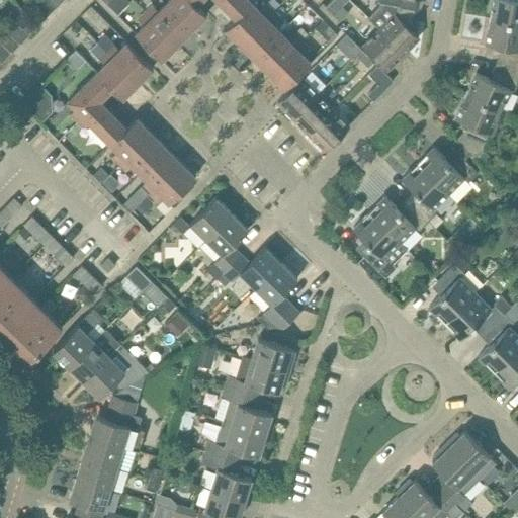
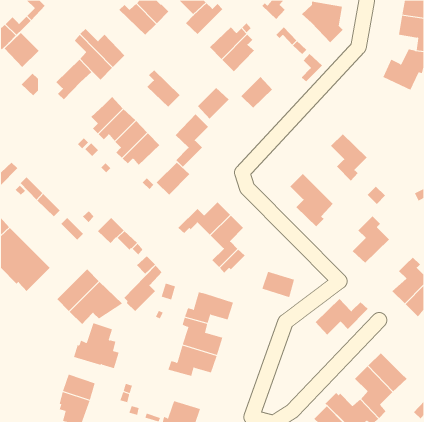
building: [241,13,281,60] -> none
building: [136,14,177,61] -> [147,69,181,108]
building: [363,30,403,71] -> none
building: none -> [4,32,39,68]
building: [278,80,318,119] -> [197,87,229,119]
building: [456,96,501,159] -> none
building: [78,102,126,145] -> none
building: [309,111,349,151] -> none
building: [418,149,478,194] -> none
building: [369,197,428,244] -> none
building: [206,214,248,280] -> [175,114,209,168]
building: [445,294,511,340] -> [315,298,369,335]
building: [55,310,102,367] -> [123,265,162,312]
building: [251,339,291,371] -> [262,271,295,298]
building: [83,438,123,469] -> none
building: [201,453,252,501] -> none

